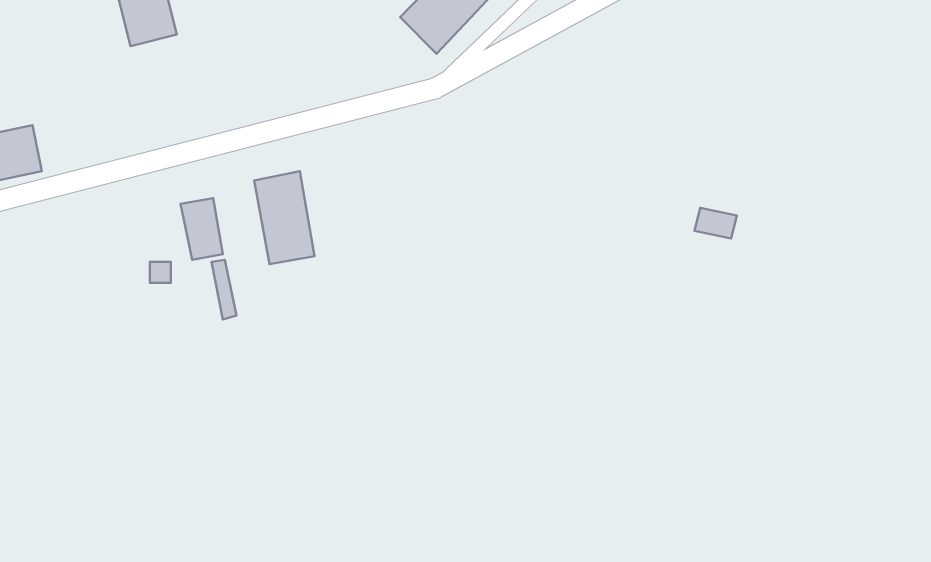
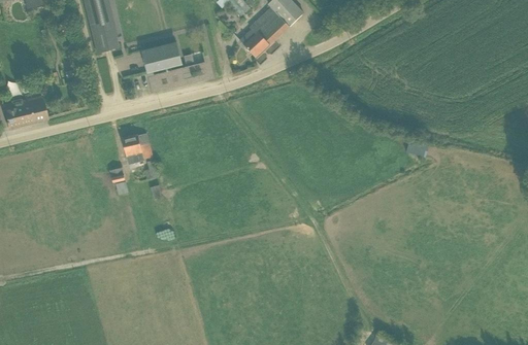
building: none -> [144,39,187,72]
building: [254,171,314,264] -> none

